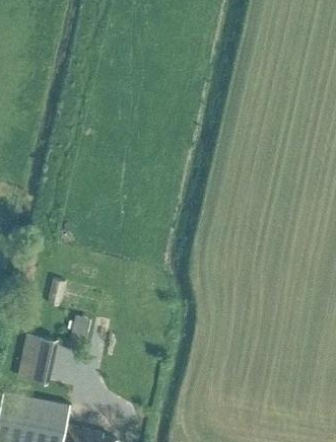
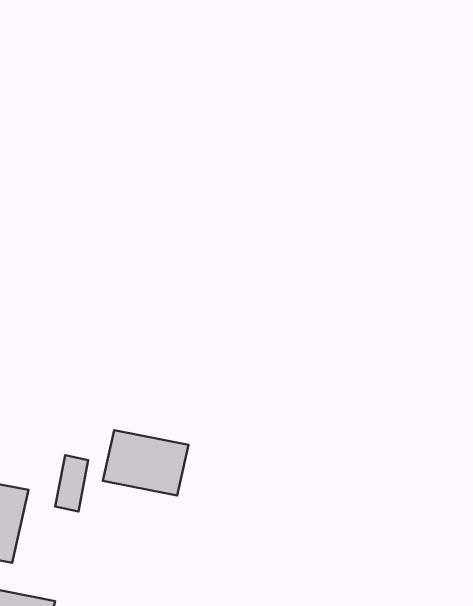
building: none -> [103,430,188,495]

